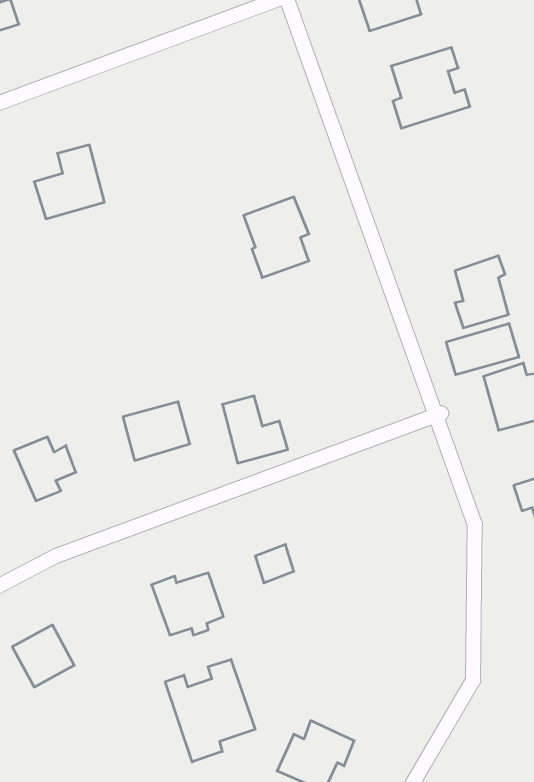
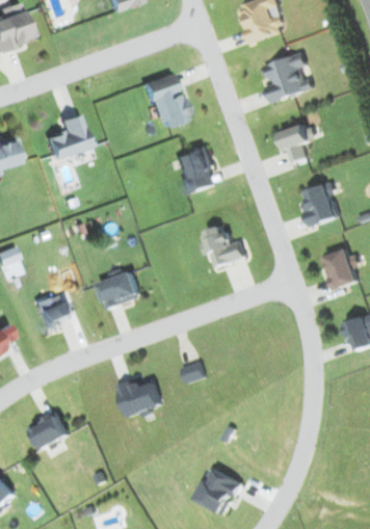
building: none -> [142,73,189,126]
building: none -> [280,123,318,161]
building: [446,323,519,375] -> none
building: [222,396,288,463] -> [207,224,247,266]
building: [165,659,255,762] -> none

